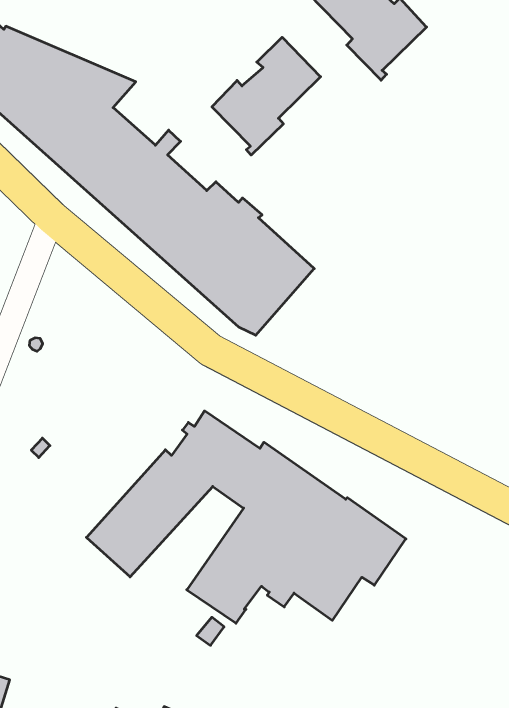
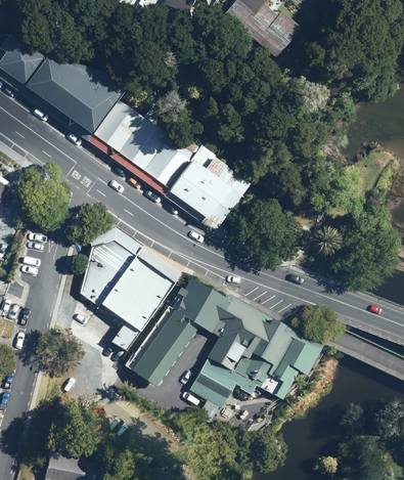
building: [212,37,321,155] -> none
building: none -> [82,239,173,349]

